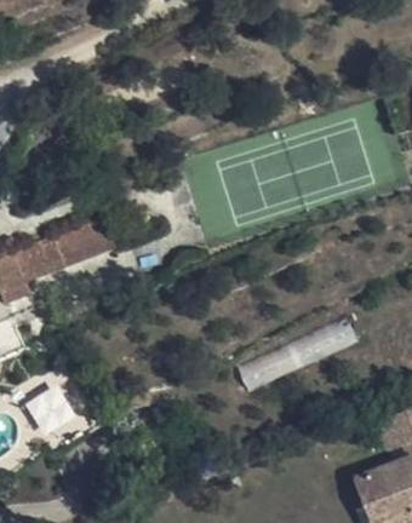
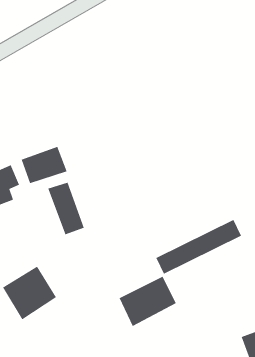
building: none -> [47,182,84,235]
building: none -> [119,276,177,327]

